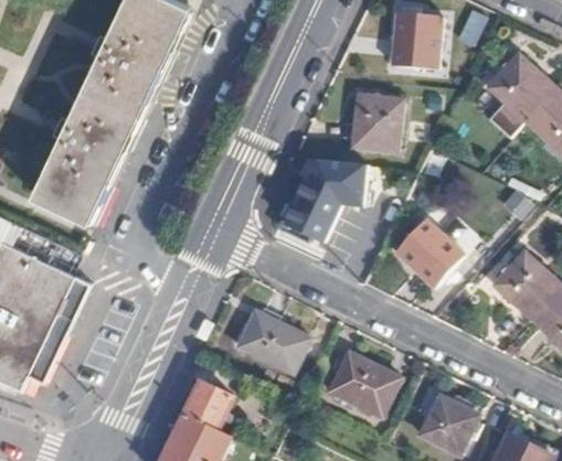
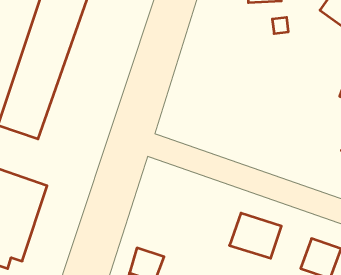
building: [352,96,402,149] -> none
building: [271,160,371,259] -> none
building: [395,218,465,288] -> none
building: [235,311,308,372] -> none

